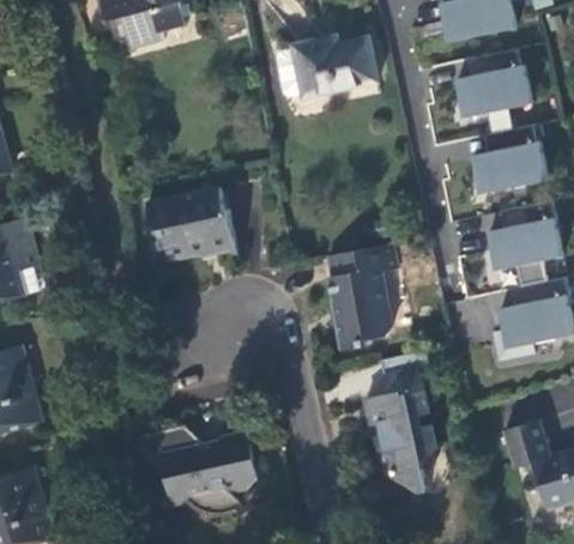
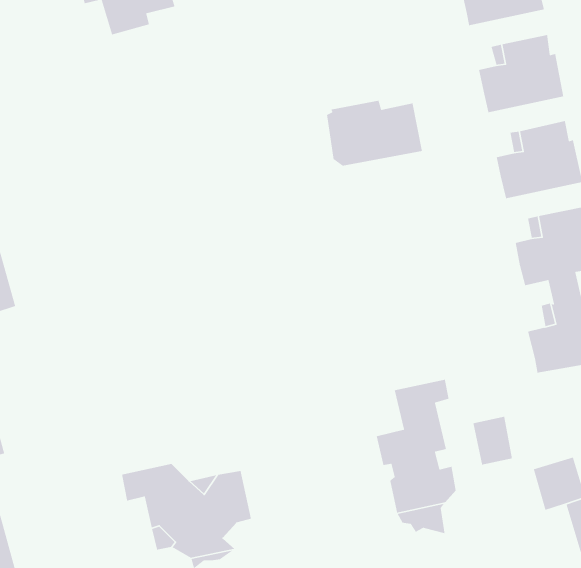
building: [290,41,375,99] -> [326,100,423,166]
building: [146,188,234,258] -> none
building: [328,246,397,350] -> none
building: none -> [473,416,513,465]

